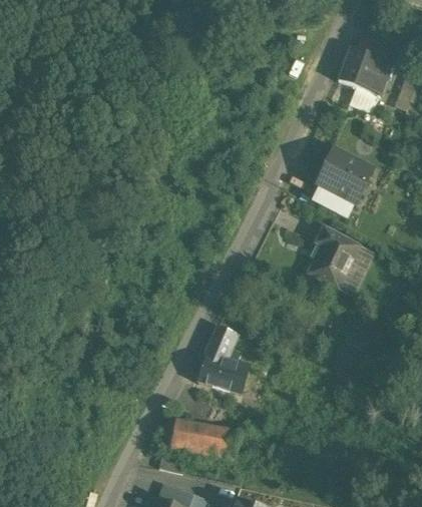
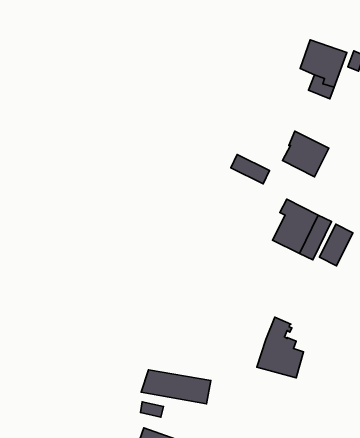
building: [312,182,355,215] -> [231,154,269,184]
building: none -> [319,224,353,266]
building: [197,323,250,391] -> [257,317,303,378]

